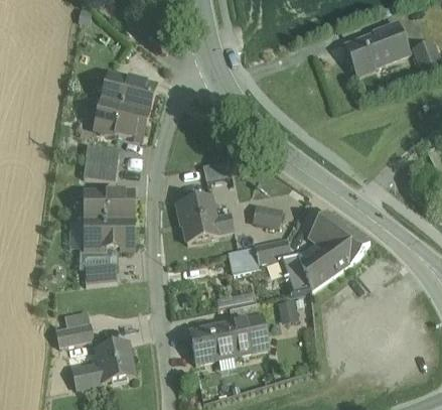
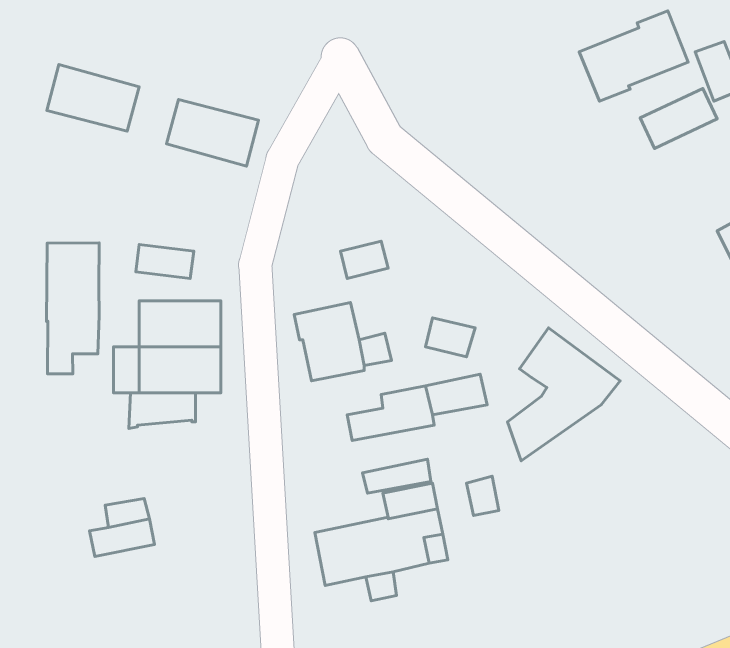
building: none -> [640,88,717,148]
building: [94,101,148,140] -> [47,65,139,131]
building: [85,144,119,164] -> none
building: none -> [46,243,99,374]
building: [279,239,325,294] -> none
building: [84,264,117,283] -> none
building: [71,340,134,387] -> none

